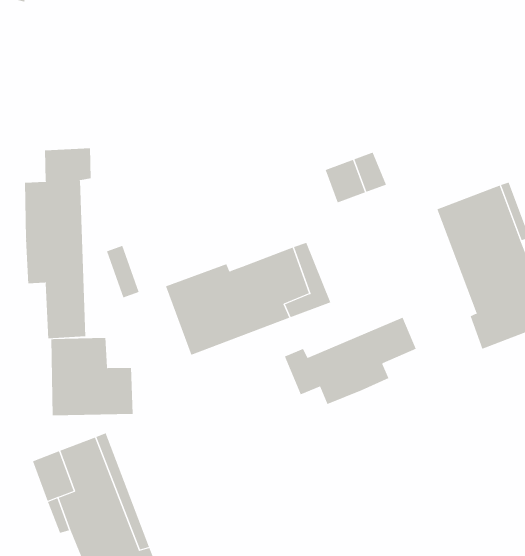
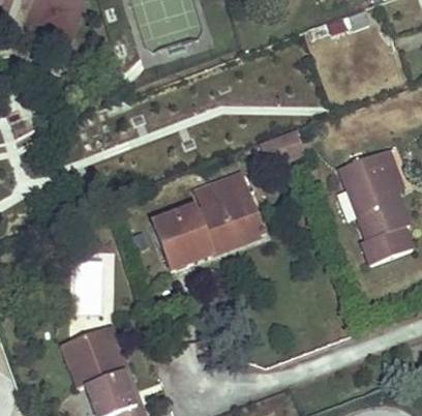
building: [25,148,91,339] -> none
building: none -> [198,170,249,206]
building: [284,317,417,405] -> none

